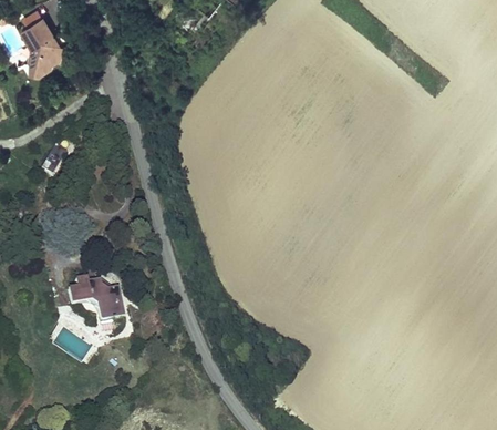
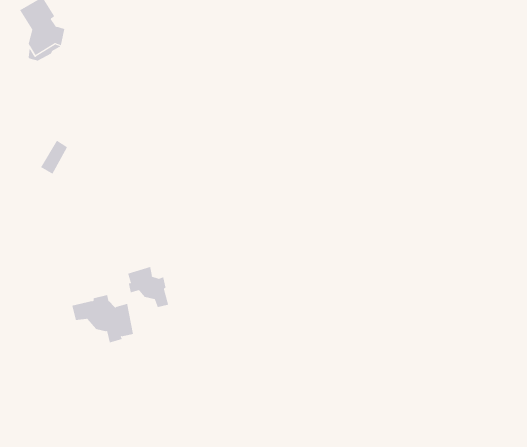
building: none -> [127,266,169,308]

